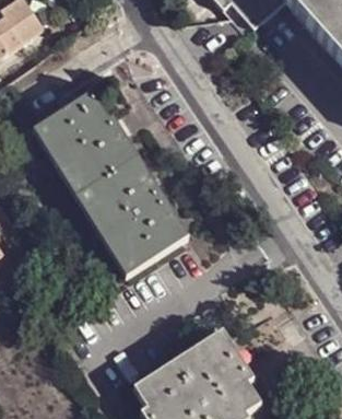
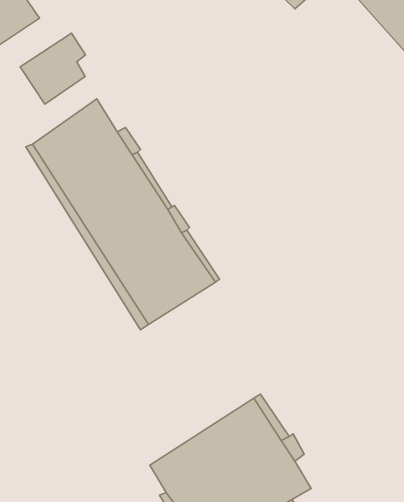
building: none -> [20,33,85,104]

